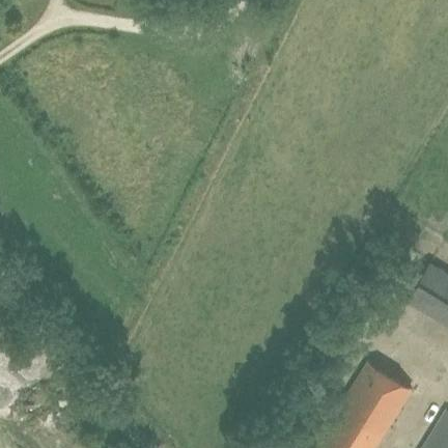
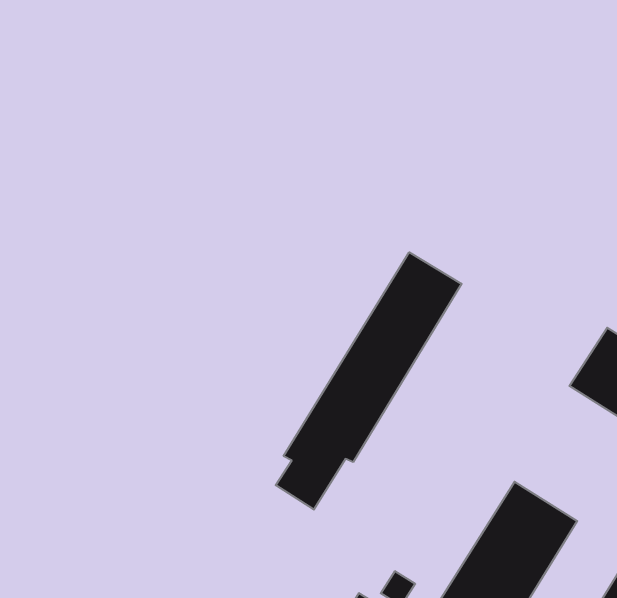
building: none -> [276,252,462,510]

